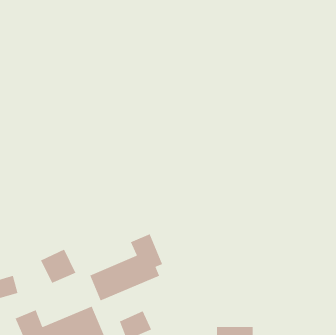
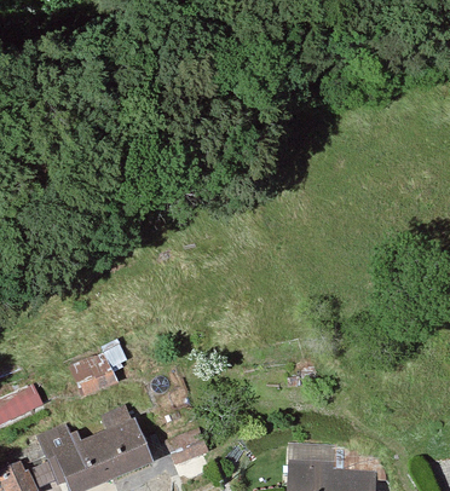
building: [89,233,163,302] -> none

